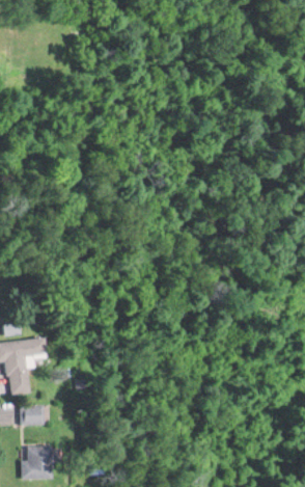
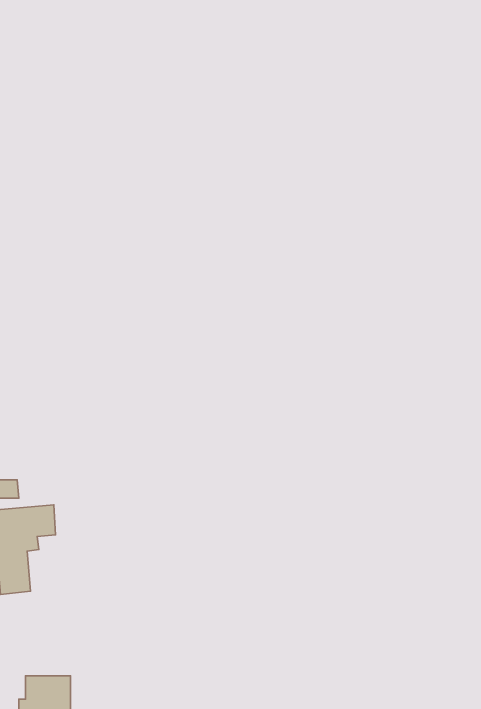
building: [12,405,45,425] -> none

